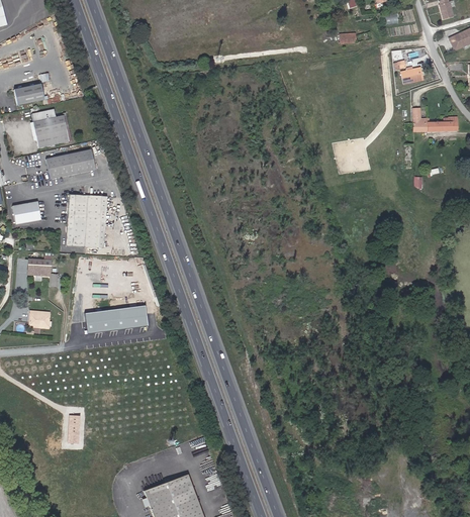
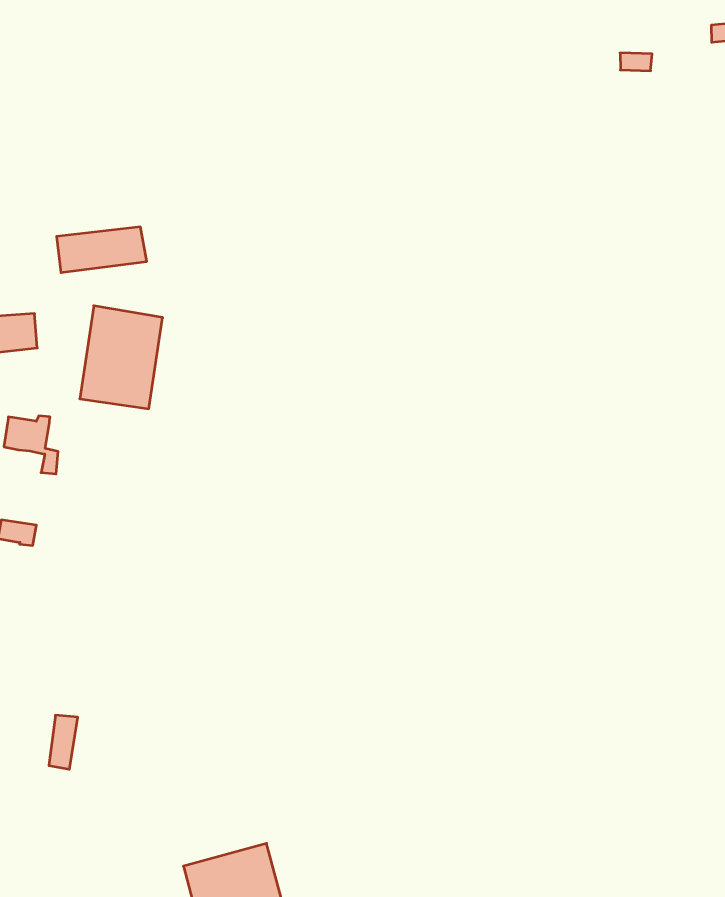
building: [13,83,43,105] -> none
building: [32,112,71,147] -> none
building: [84,304,148,333] -> none

